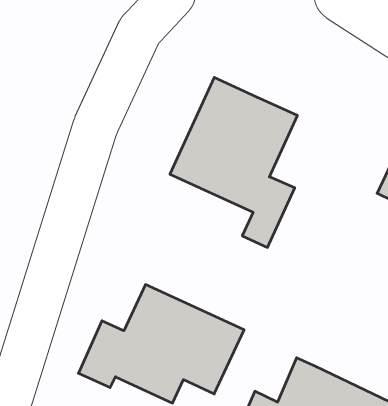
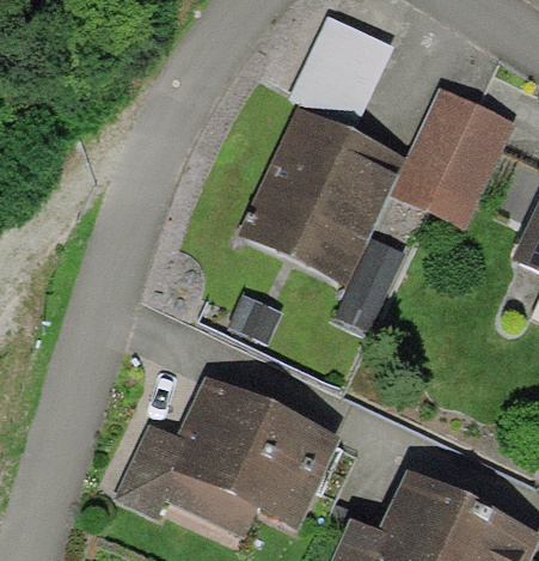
building: none -> [286,11,396,130]
building: none -> [393,91,509,224]

